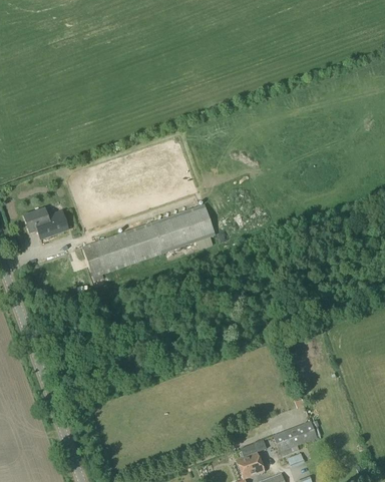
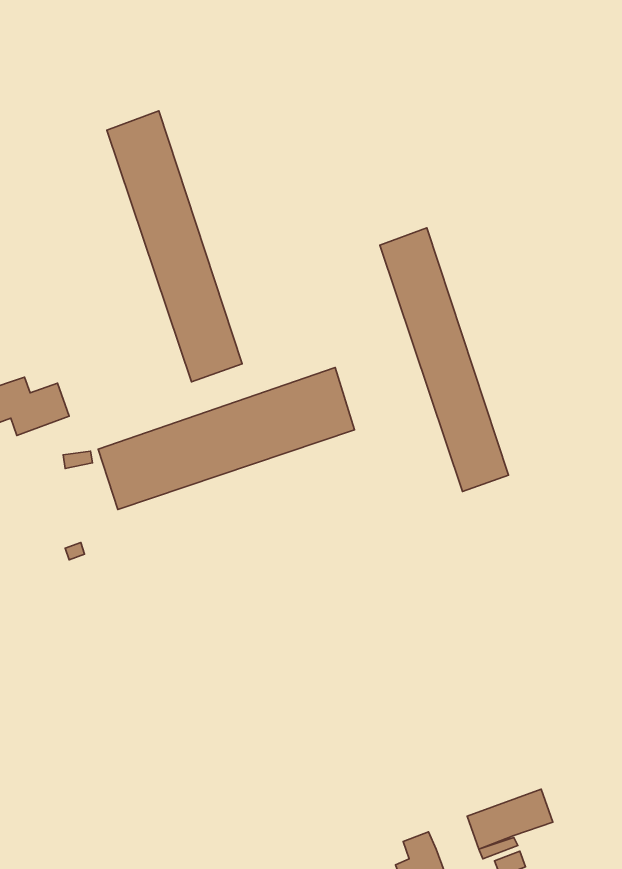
building: none -> [107,111,242,382]
building: none -> [380,228,508,492]

